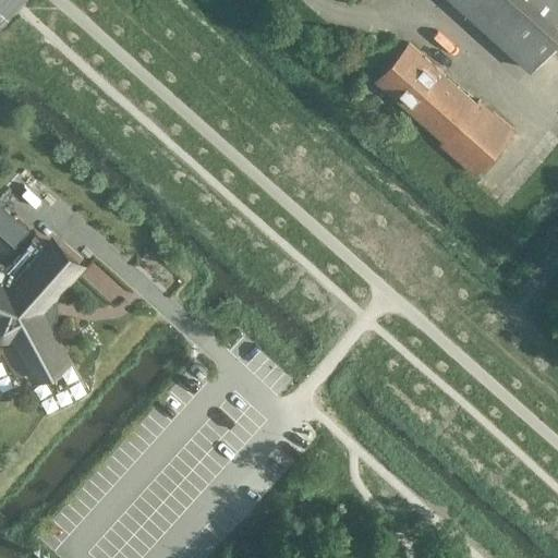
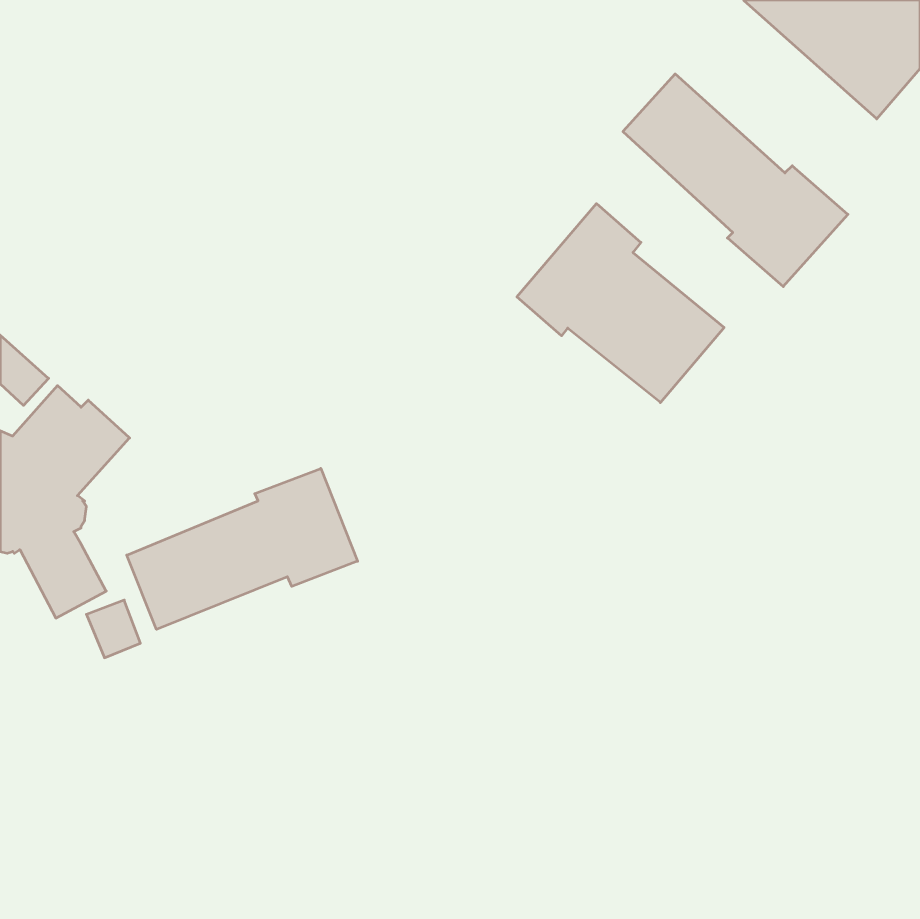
building: none -> [517,204,724,403]
building: none -> [127,468,358,629]

